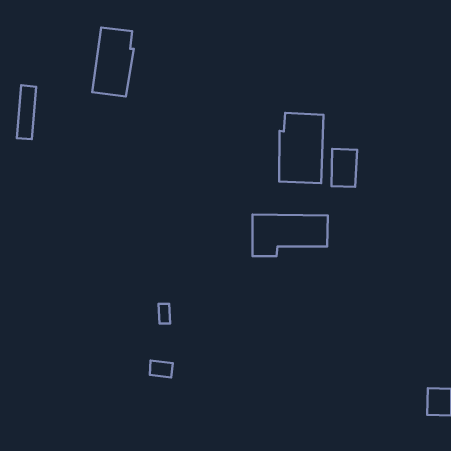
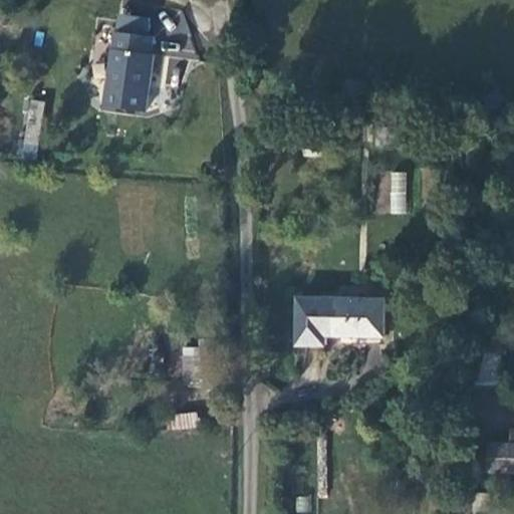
building: [279,113,324,183] -> none
building: [253,215,328,256] -> [297,298,382,345]

